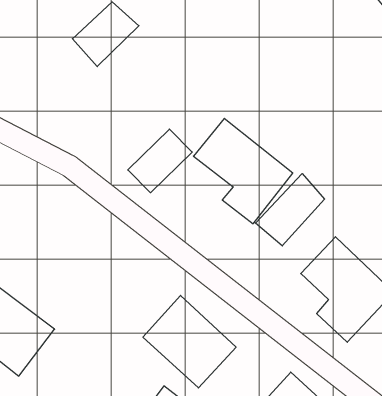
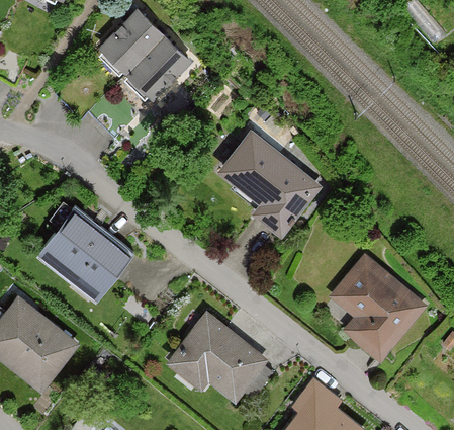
building: [128,129,192,193] -> [122,37,188,102]
building: [255,174,325,246] -> none
building: none -> [41,212,131,300]

